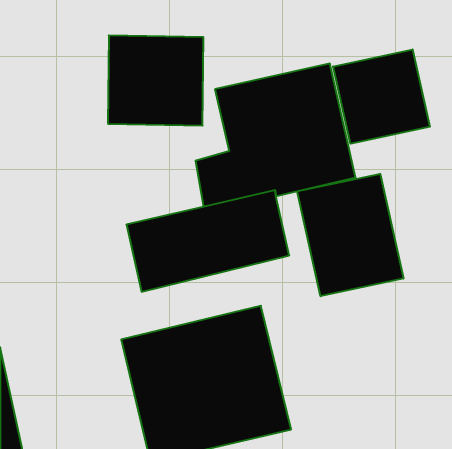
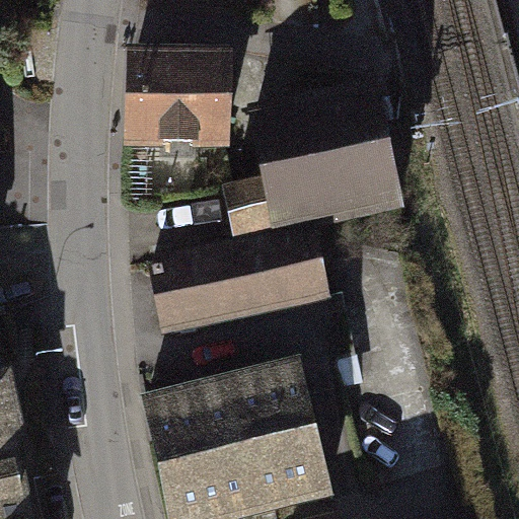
building: [333,49,430,144] -> none
building: [297,174,403,296] -> none

